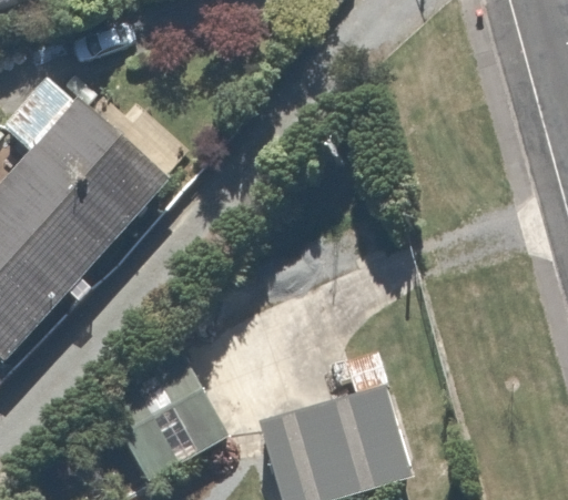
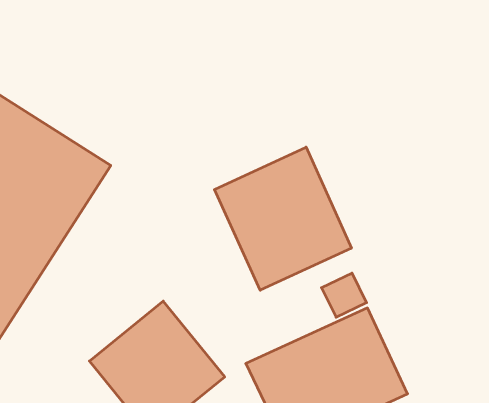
building: none -> [214,147,351,290]

